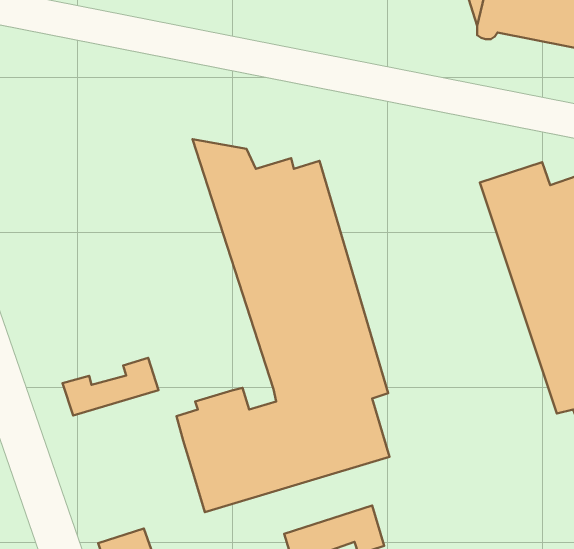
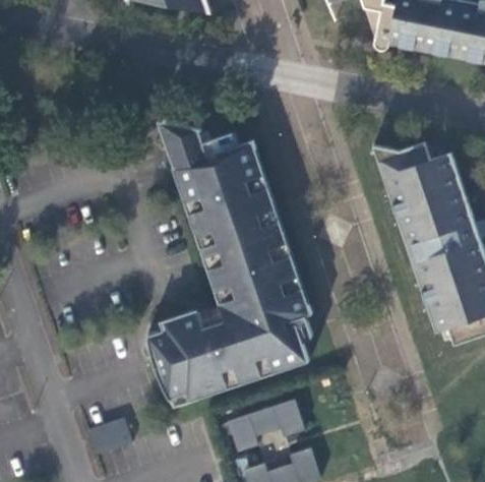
building: [63,358,159,416] -> none

